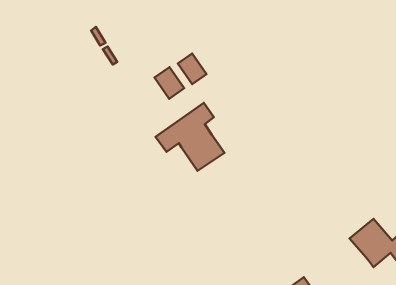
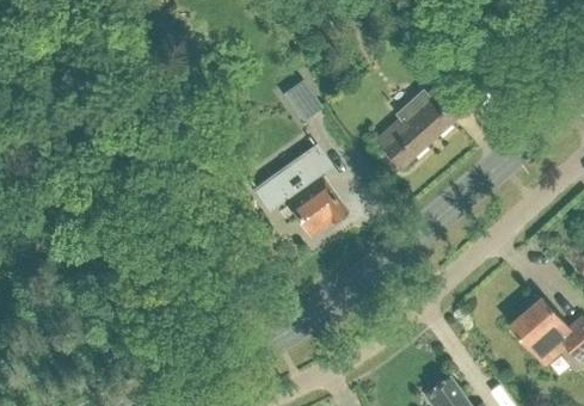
building: none -> [379,86,467,168]
building: [154,67,184,99] -> none

